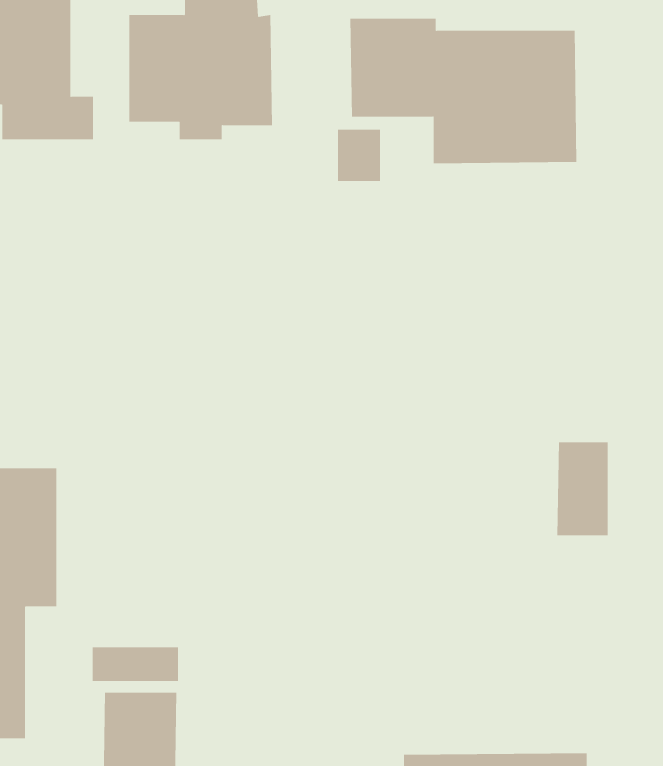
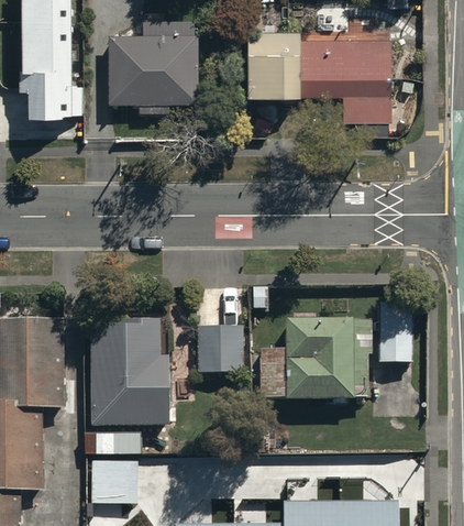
building: none -> [90,315,169,426]
building: none -> [259,318,372,398]
building: none -> [197,325,245,373]

